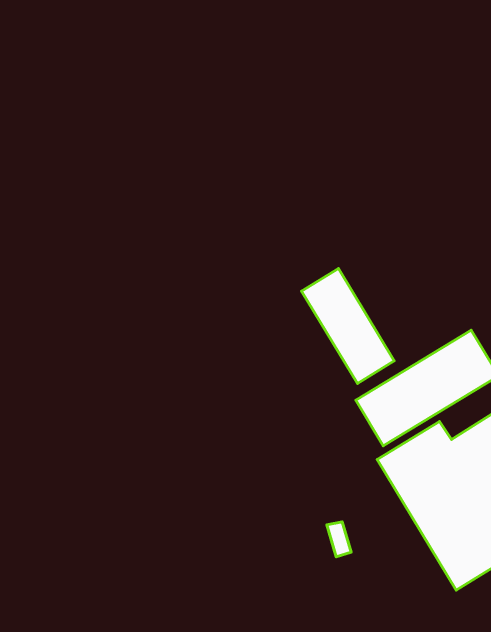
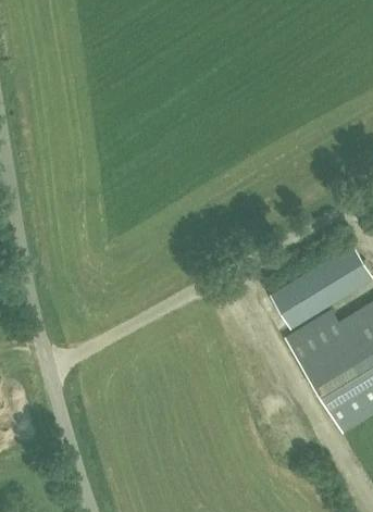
building: [301,269,394,383] -> none

